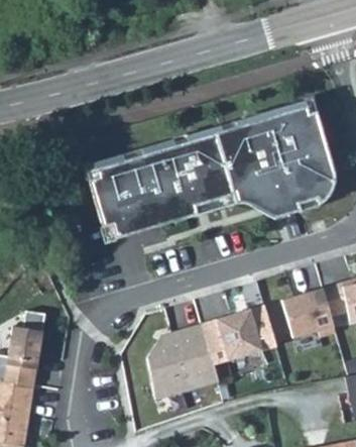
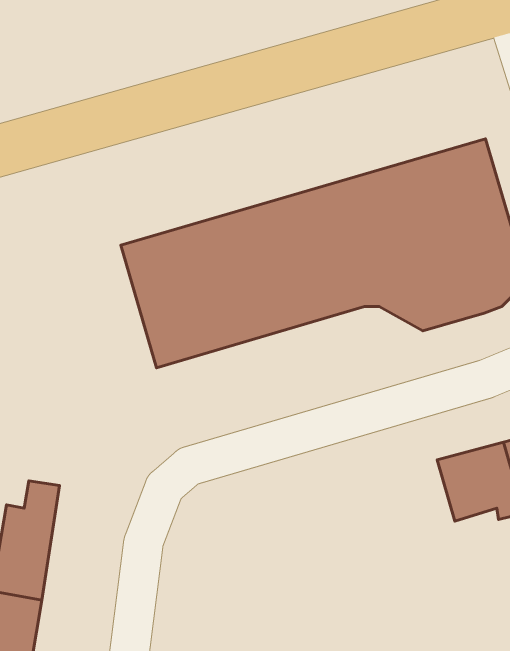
building: [216,310,261,360] -> none
building: [148,324,219,401] -> none

